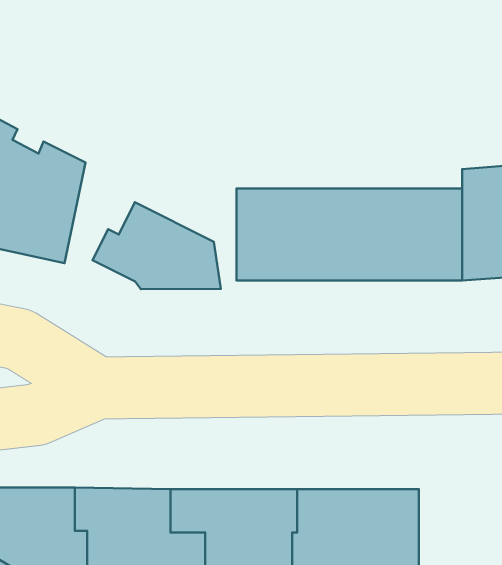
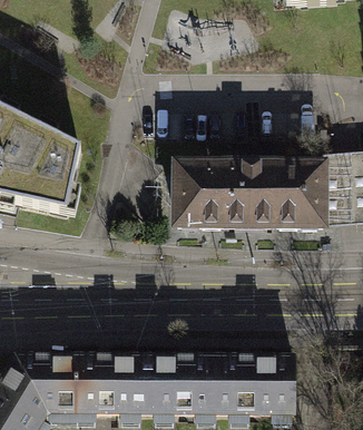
building: [93,202,221,289] -> none

